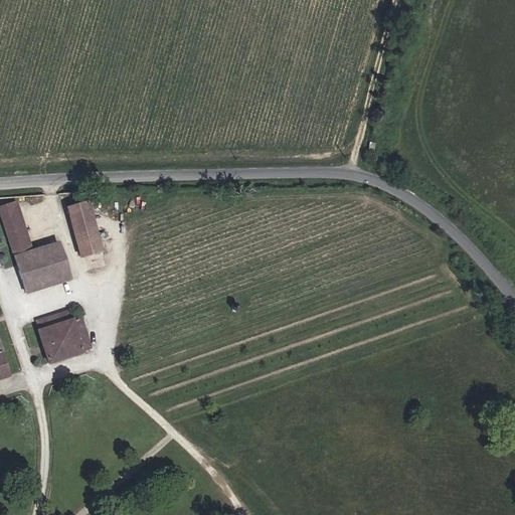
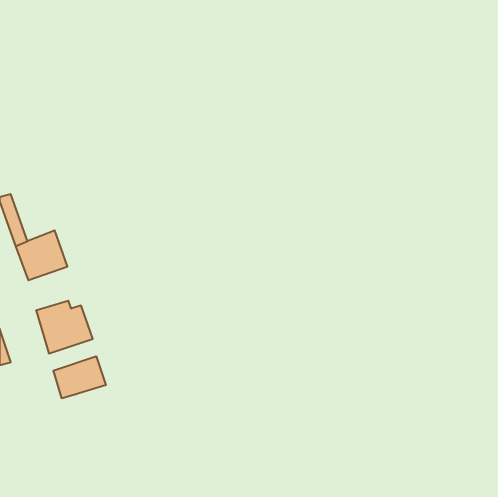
building: [66,202,105,261] -> none
building: none -> [53,356,106,398]

